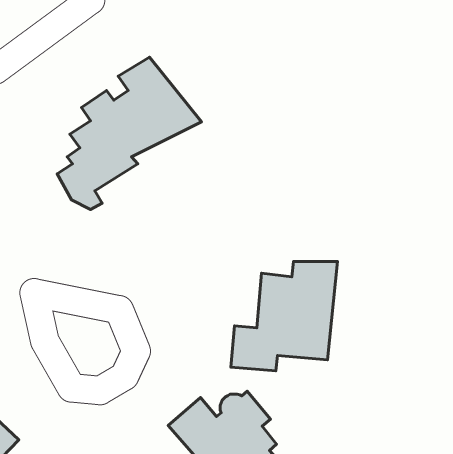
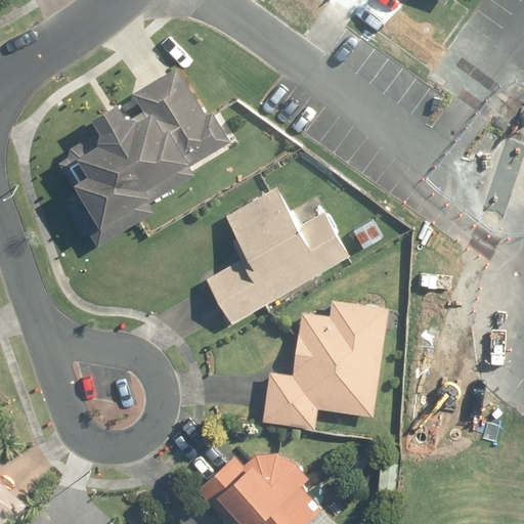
building: none -> [207,184,352,322]

